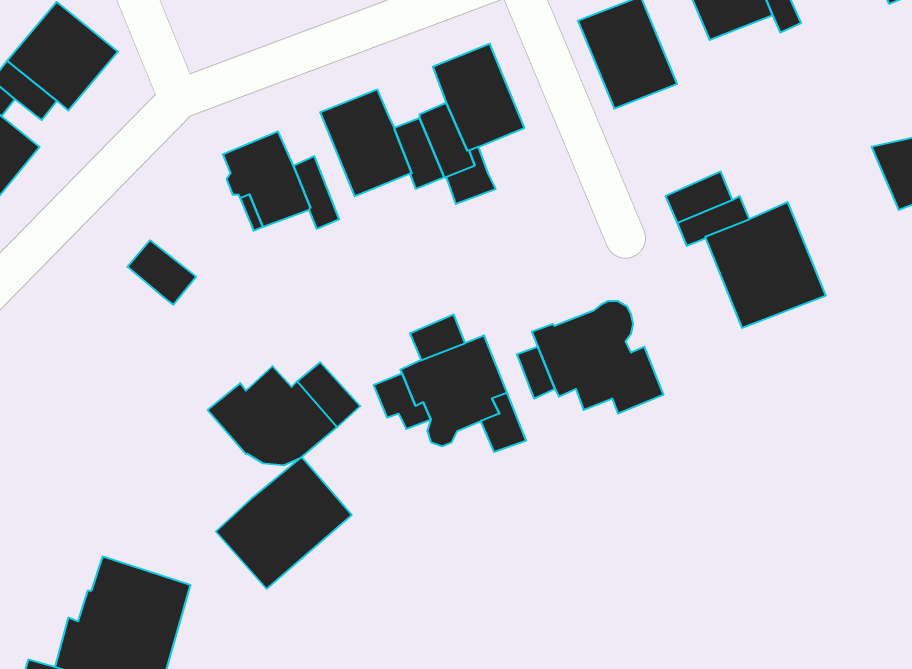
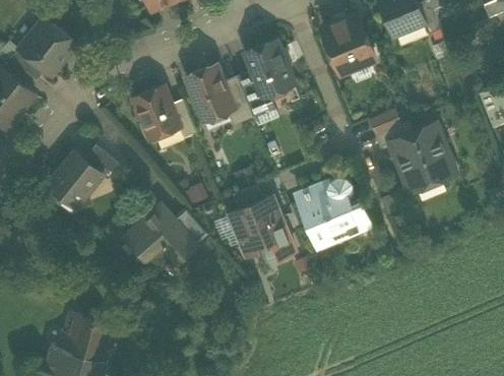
building: none -> [47,151,102,206]
building: [216,458,352,589] -> none

